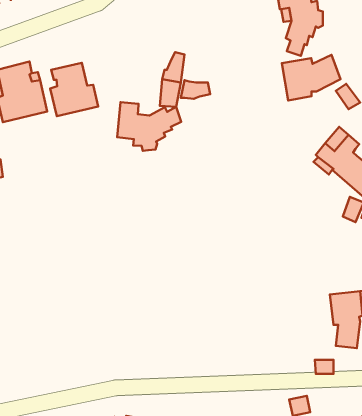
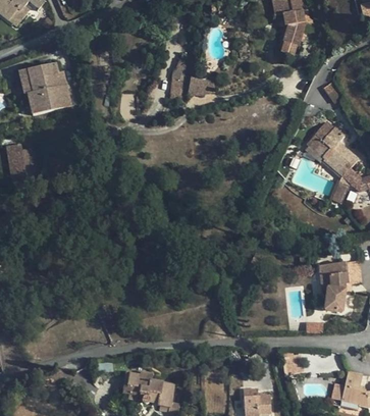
building: [282,55,340,101] -> none
building: [50,63,98,116] -> none
building: [117,102,181,151] -> none

